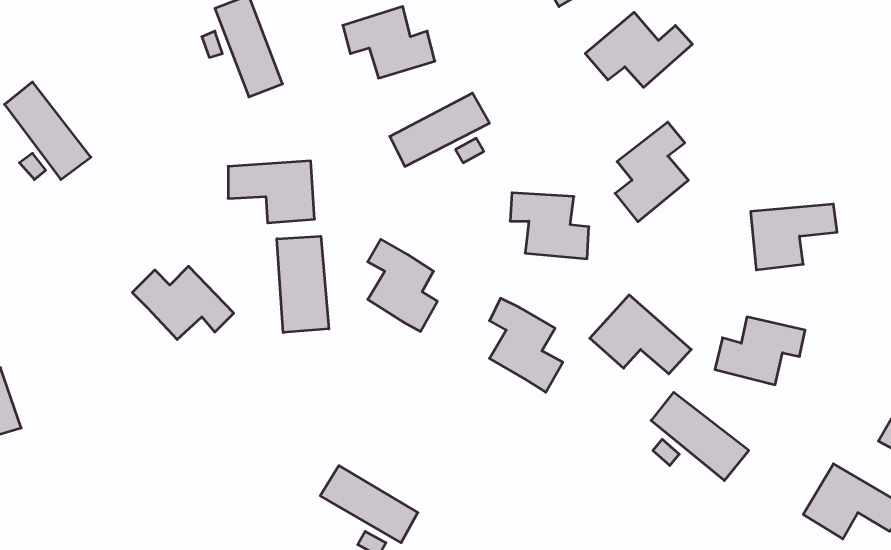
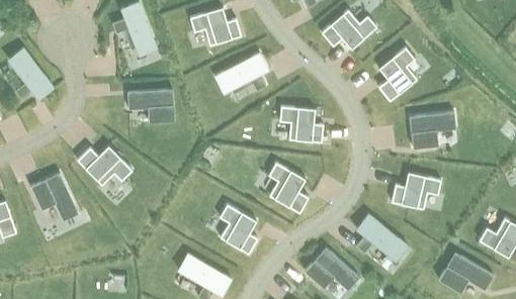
building: [615,122,688,222] -> [378,48,418,102]
building: [277,236,329,333] -> none
building: [368,239,437,331] -> [221,205,258,255]
building: [590,295,691,374] -> [306,248,360,291]
building: none -> [30,173,79,221]

